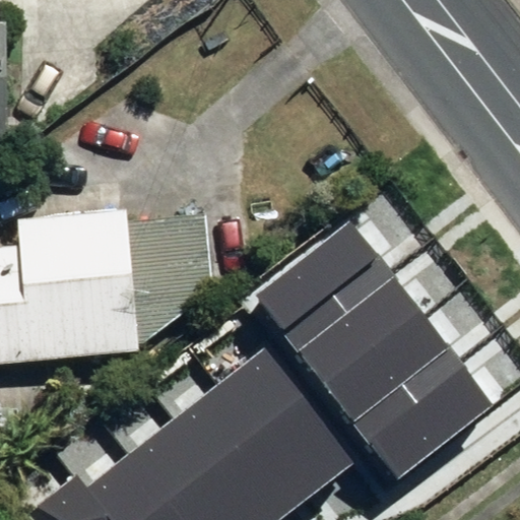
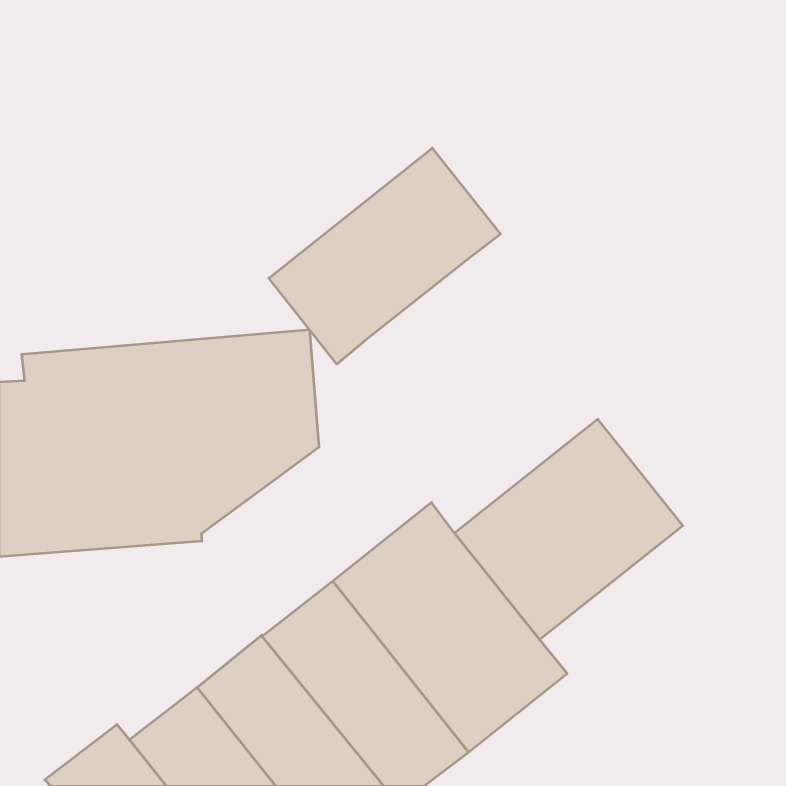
building: none -> [269,148,500,364]
building: [257,222,394,351] -> none
building: [355,346,494,476] -> none

